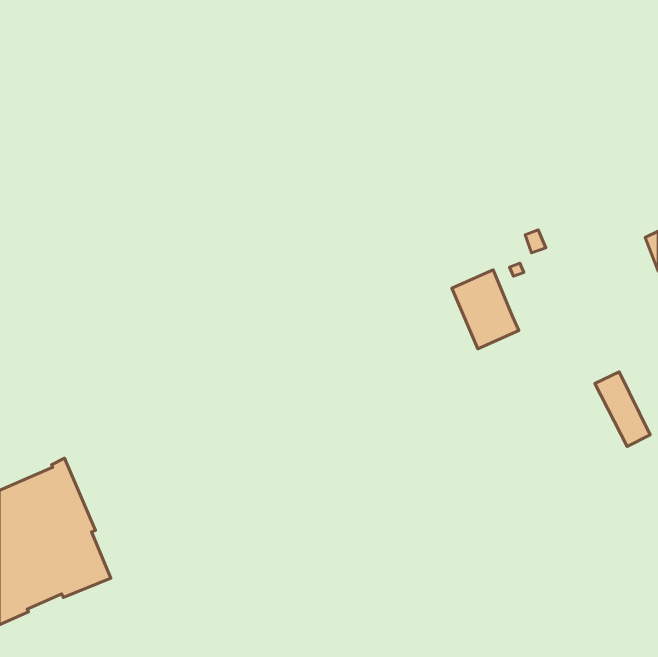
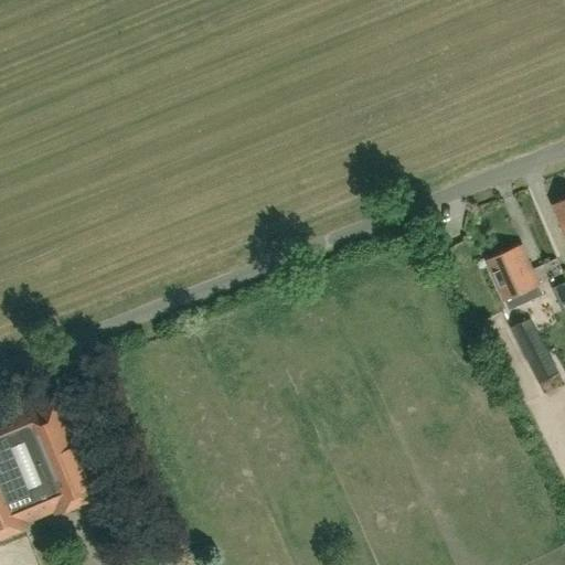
building: [452,270,519,349] -> [486,246,543,313]

